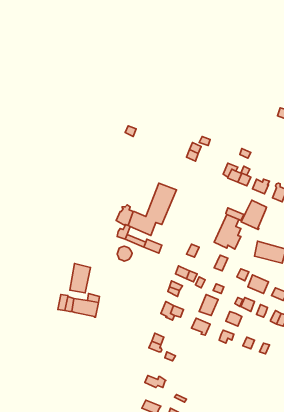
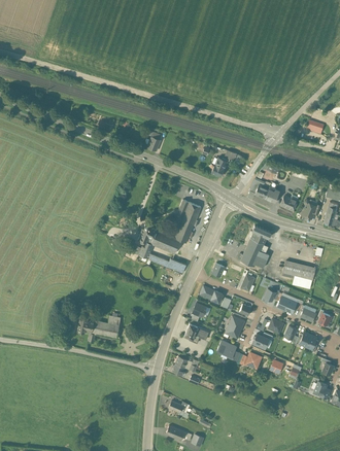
building: [241,200,266,229] -> none
building: [70,264,91,293] -> none

